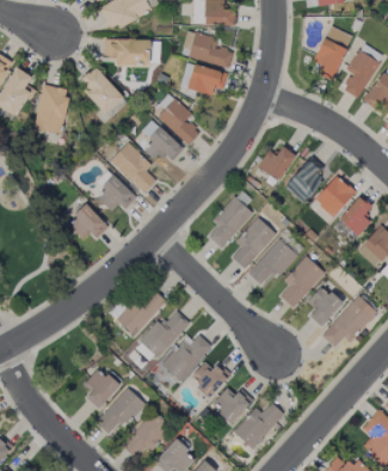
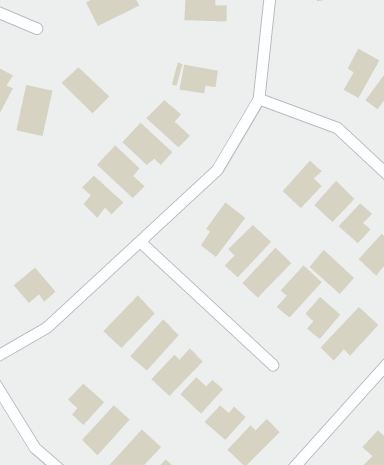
building: [312,26,351,77] -> none
building: [187,32,233,68] -> none
building: [104,39,160,65] -> none
building: [258,147,295,181] -> none
building: [66,204,107,240] -> [12,266,57,304]
building: none -> [308,249,355,295]

